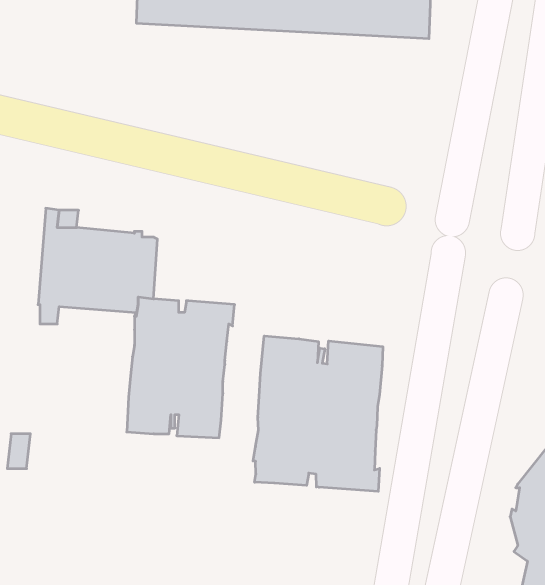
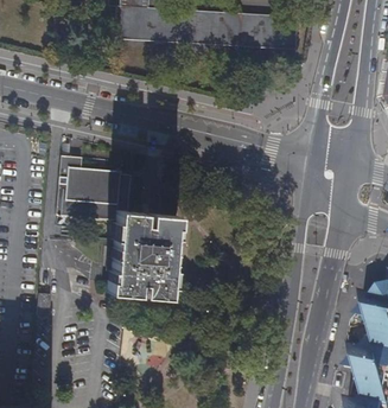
building: [253,336,383,491] -> none

